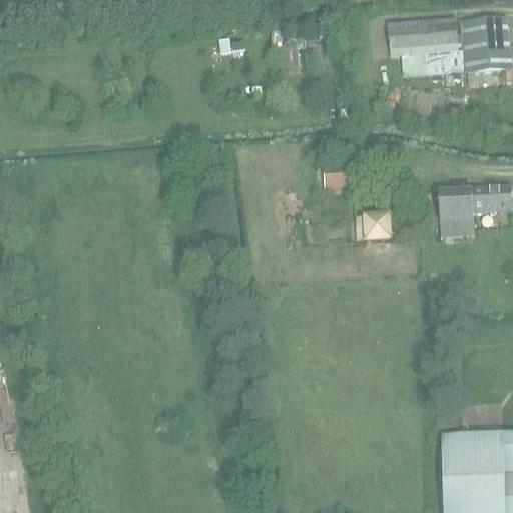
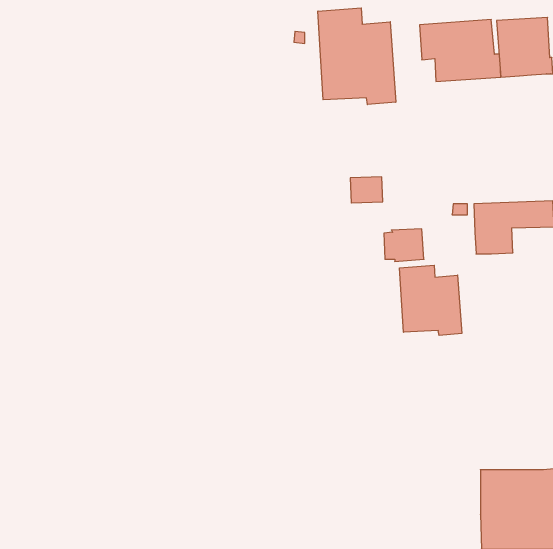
building: none -> [318,8,396,105]
building: none -> [400,265,462,335]

